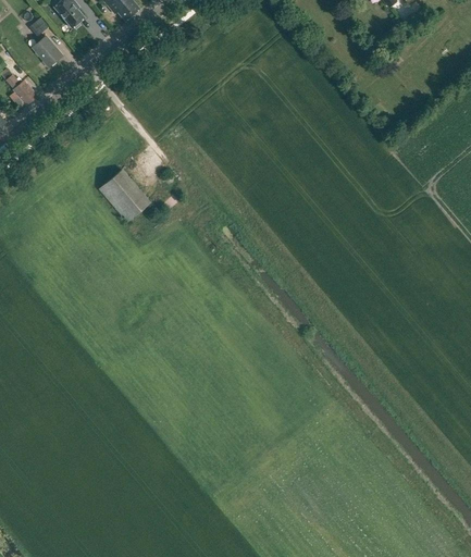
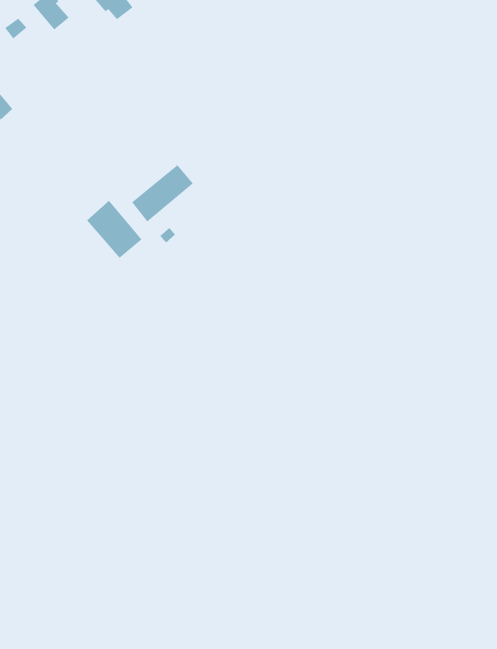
building: [33,34,62,65] -> none
building: none -> [131,164,194,223]

